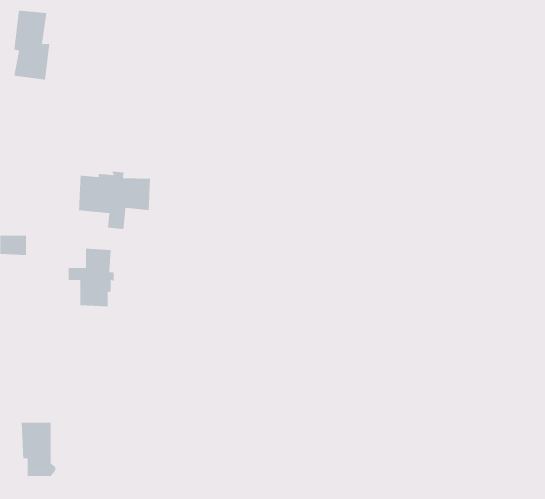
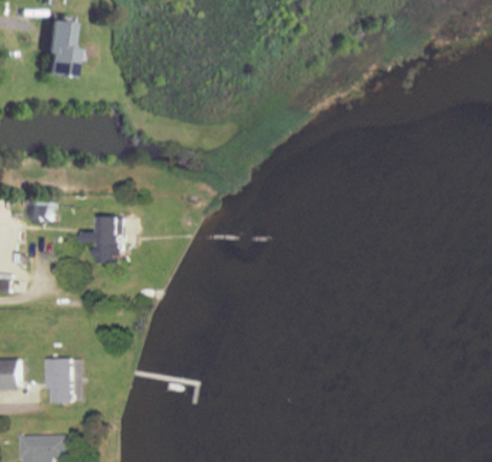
building: [78,171,151,230] -> none

